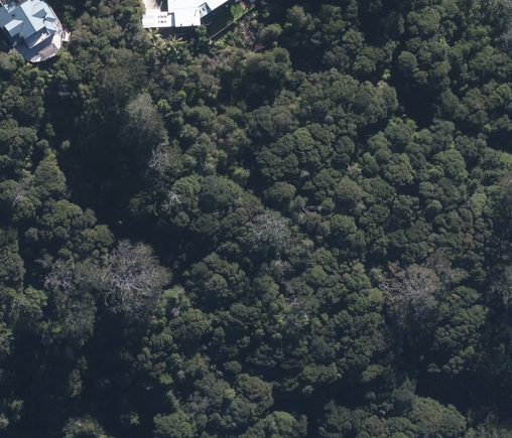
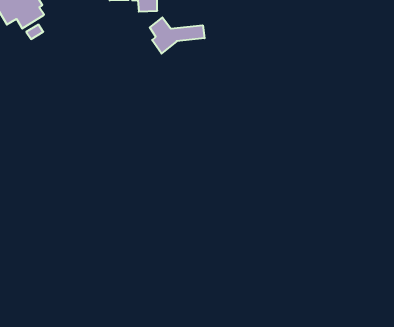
building: none -> [150,17,205,54]

